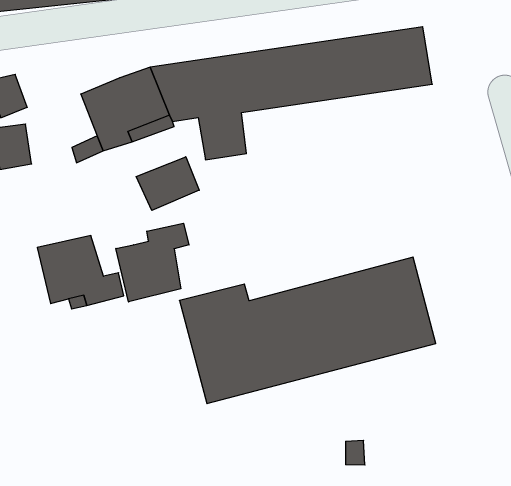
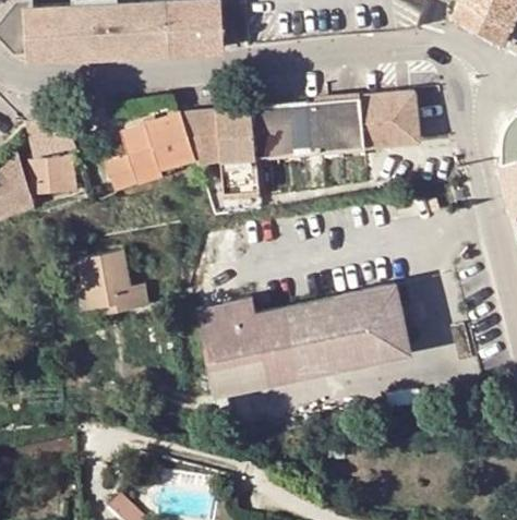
building: [136,157,199,210] -> none
building: [116,223,189,302] -> none

